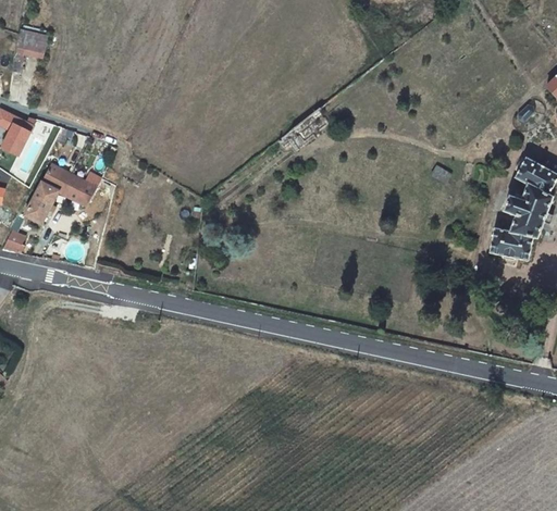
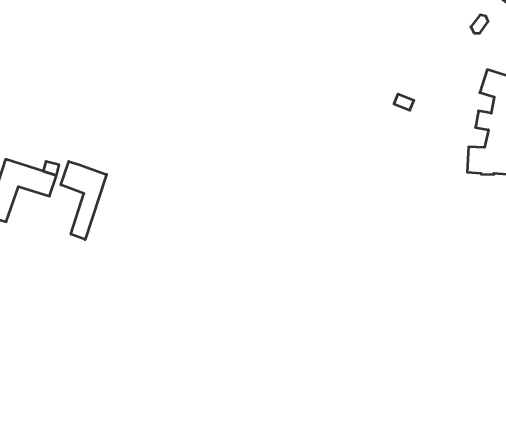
building: none -> [61,161,107,240]

